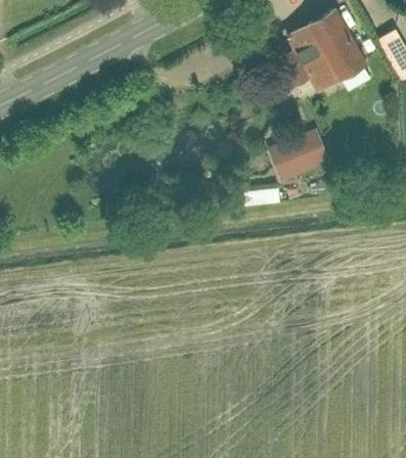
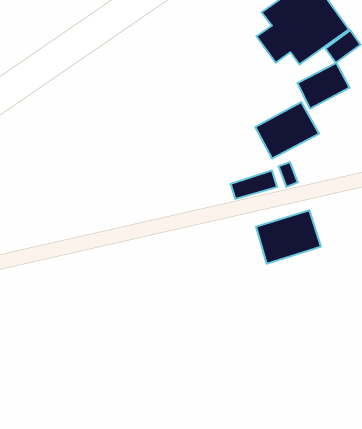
building: none -> [297,63,349,109]
building: none -> [256,210,321,264]

